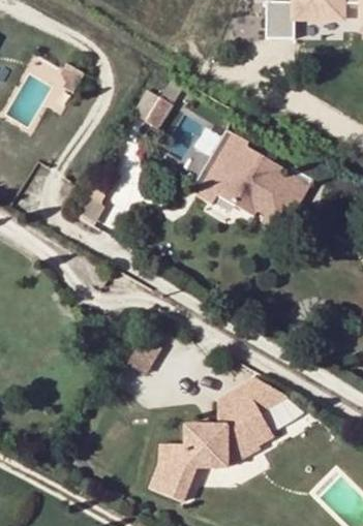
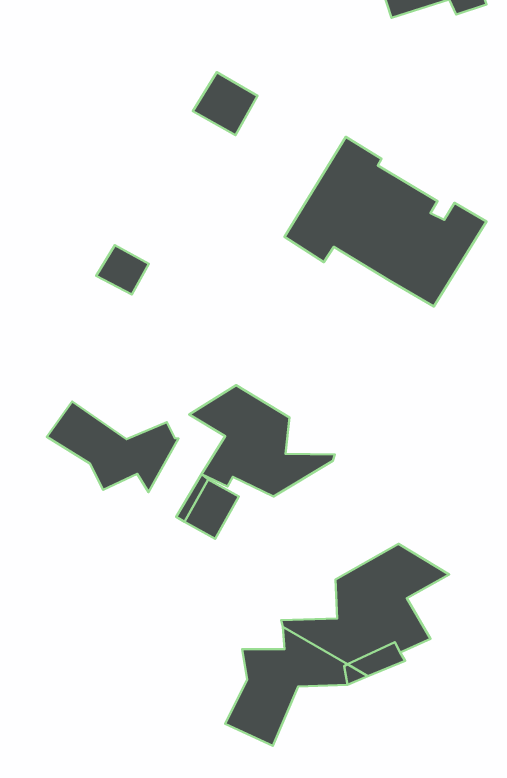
building: none -> [189,385,335,497]
building: none -> [47,401,179,492]

